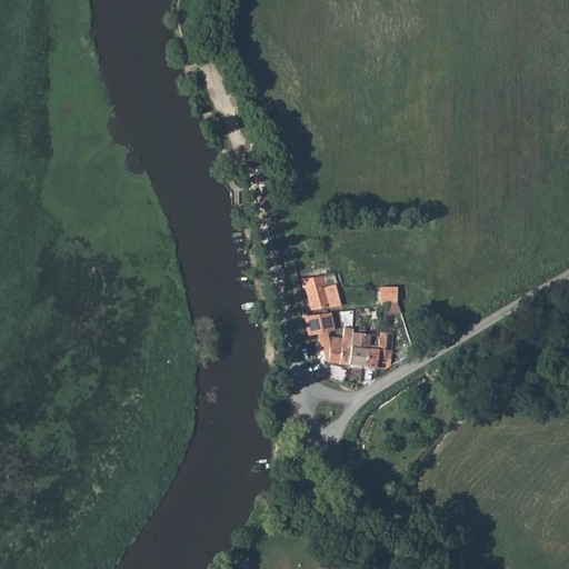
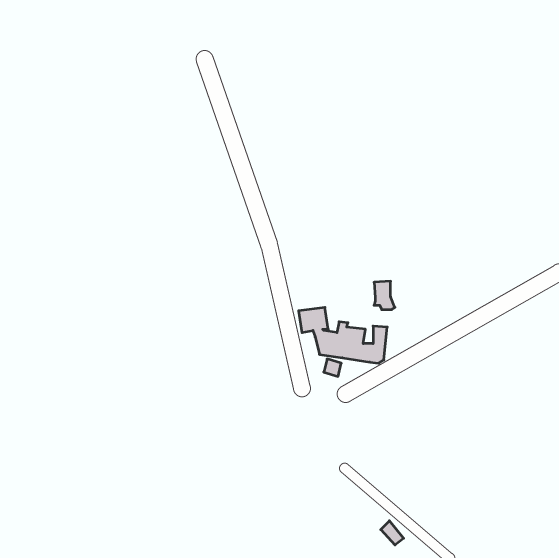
building: [303,273,341,310] -> none

